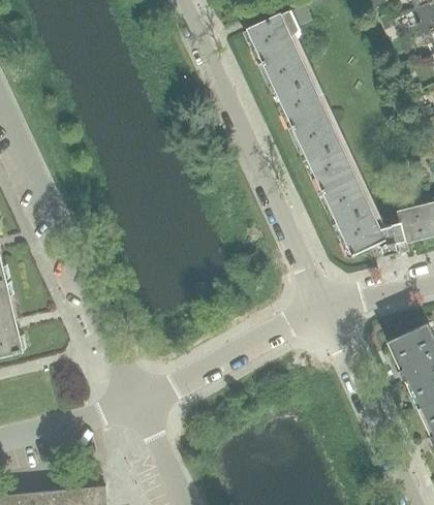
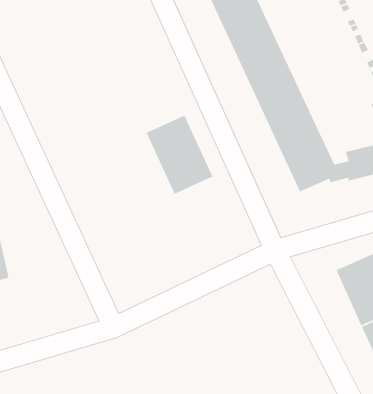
building: none -> [145,115,214,195]

